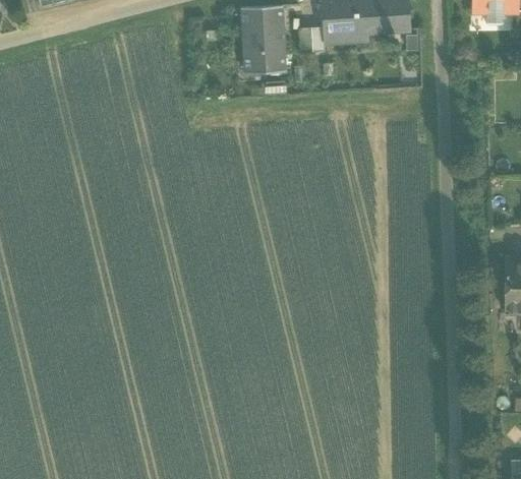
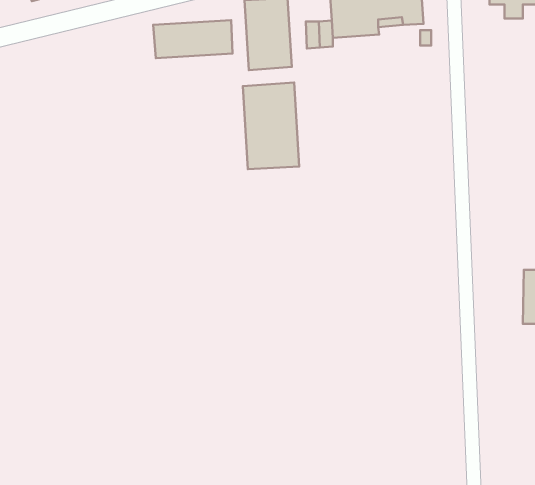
building: none -> [153,20,233,58]
building: none -> [243,82,299,169]

